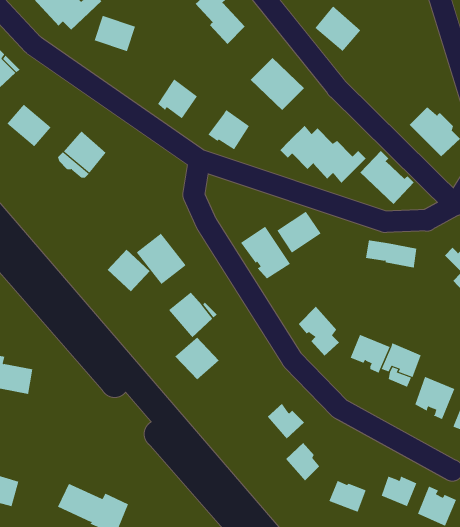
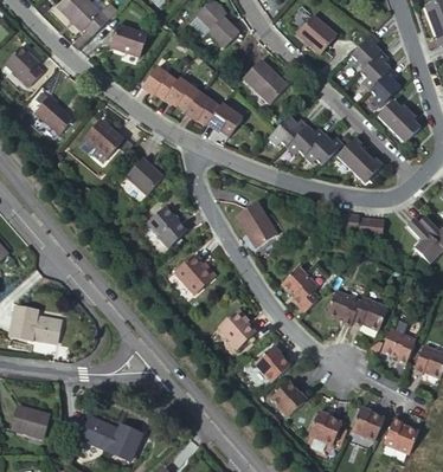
building: none -> [348,32,399,105]
building: none -> [141,65,176,99]
building: none -> [185,91,220,124]
building: [276,211,321,254] -> none
building: [107,249,150,292] -> [127,157,163,194]
building: [174,337,220,380] -> [218,310,256,347]

